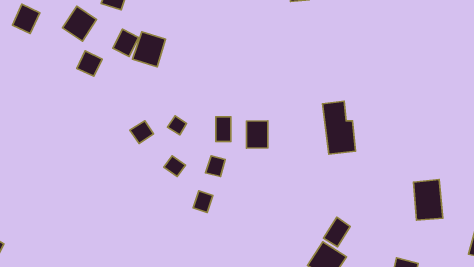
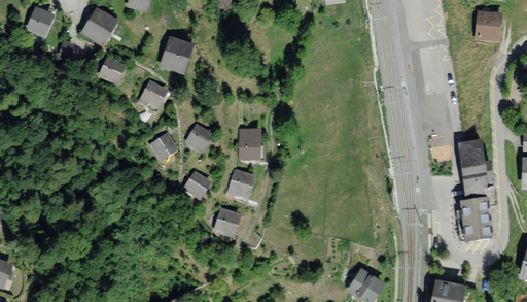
building: none -> [480,10,505,38]
building: [113,29,139,57] -> [136,80,164,110]
building: [322,101,355,154] -> [458,138,494,196]
building: [247,121,268,148] -> none
building: [323,217,350,247] -> none

